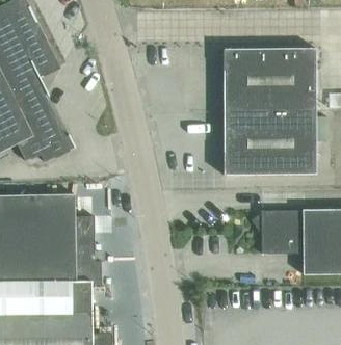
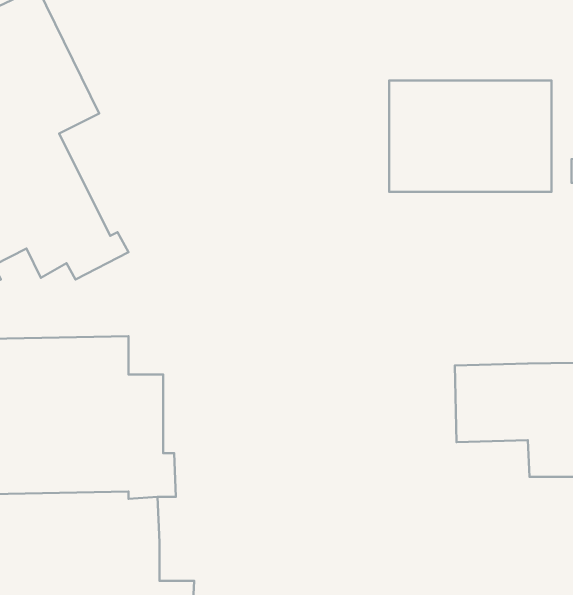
building: [222,111,315,175] -> none

